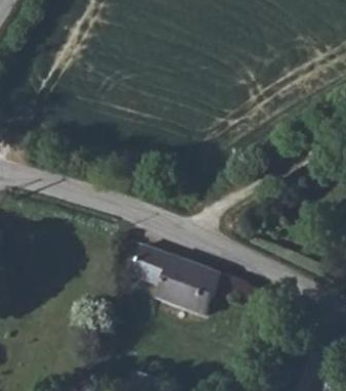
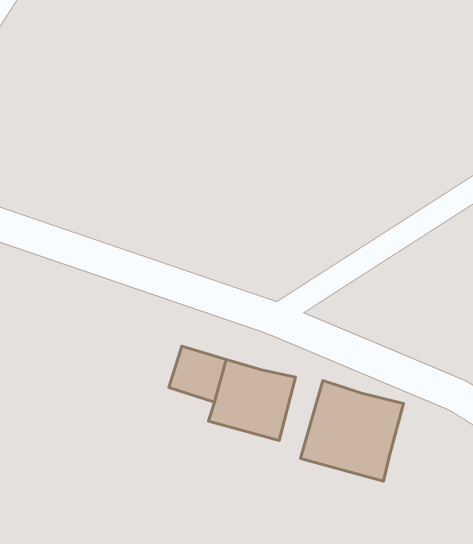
building: none -> [301,380,403,481]

